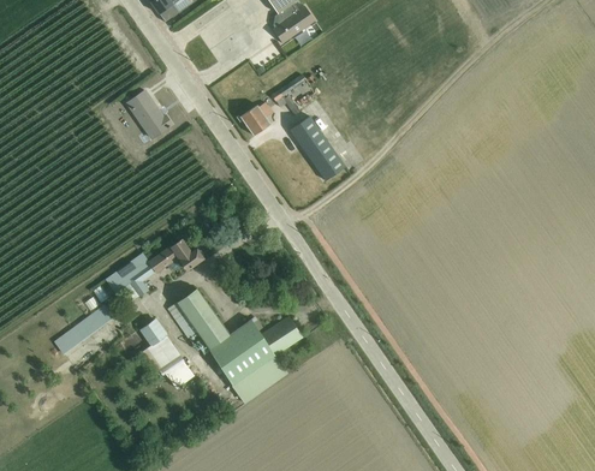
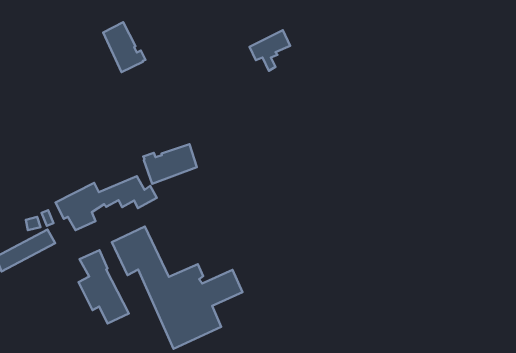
building: [240,101,273,135] -> none
building: [290,115,345,180] -> none
building: none -> [143,144,197,184]

